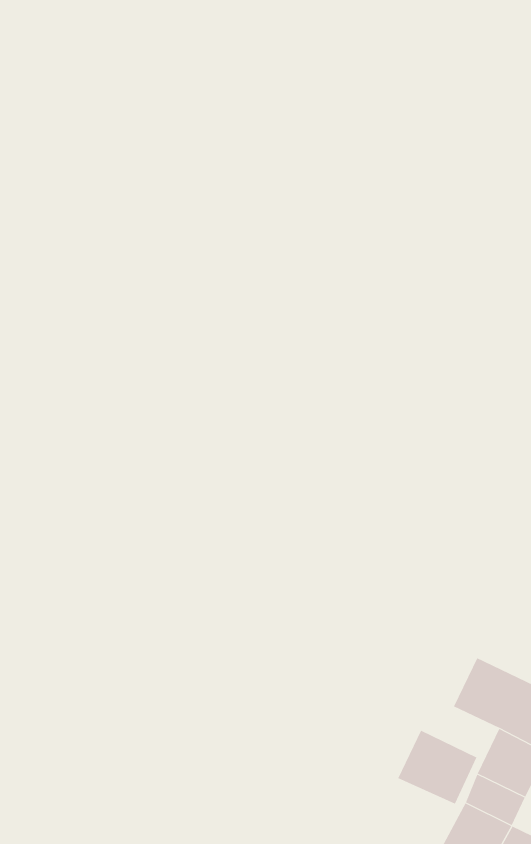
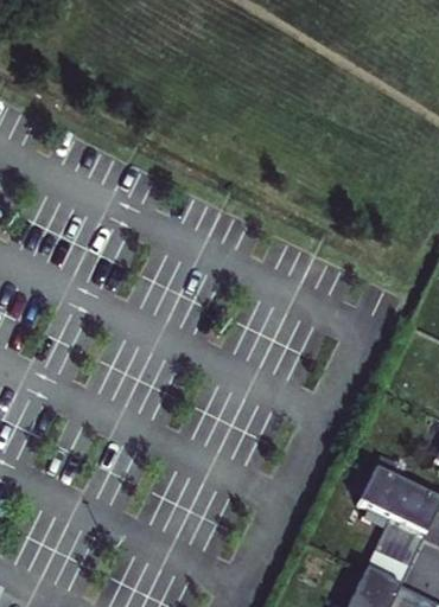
building: [397,730,477,805] -> none

